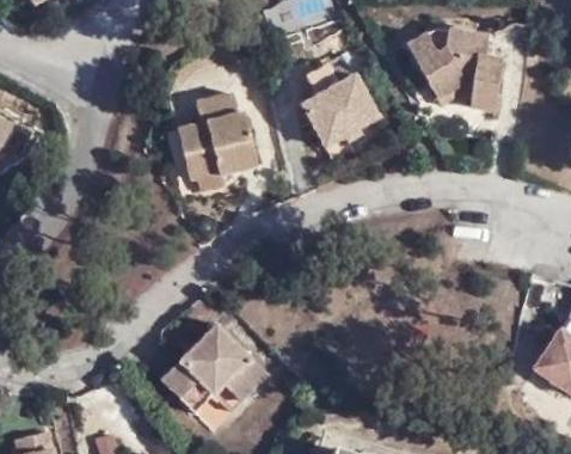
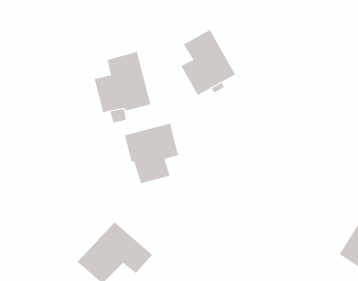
building: [409,25,503,108] -> none
building: none -> [124,123,178,184]

